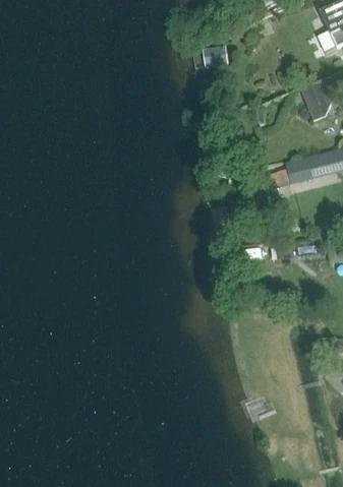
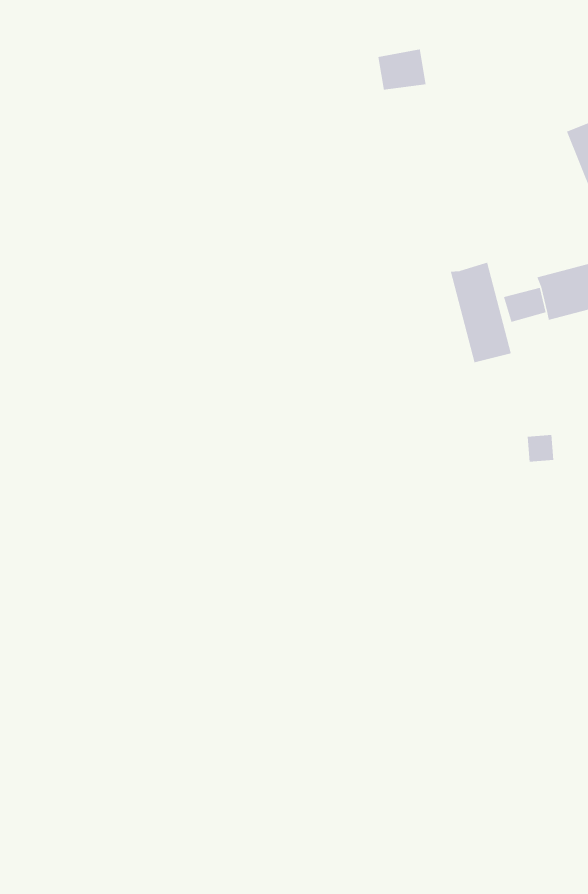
building: none -> [450,262,512,363]

